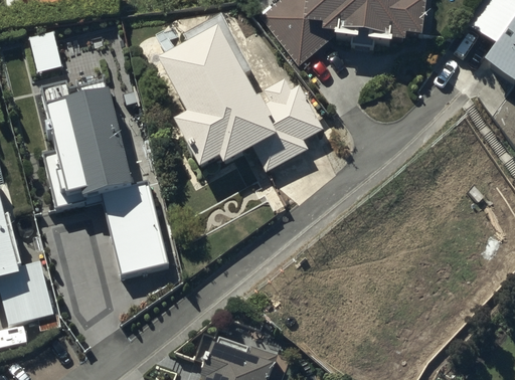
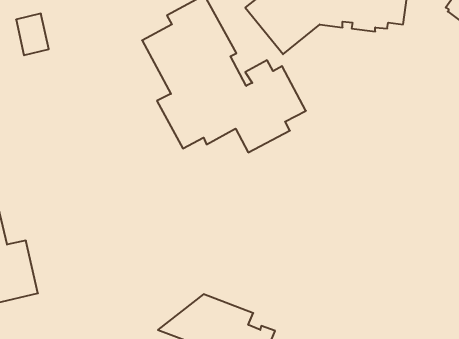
building: [40,82,167,272] -> none

